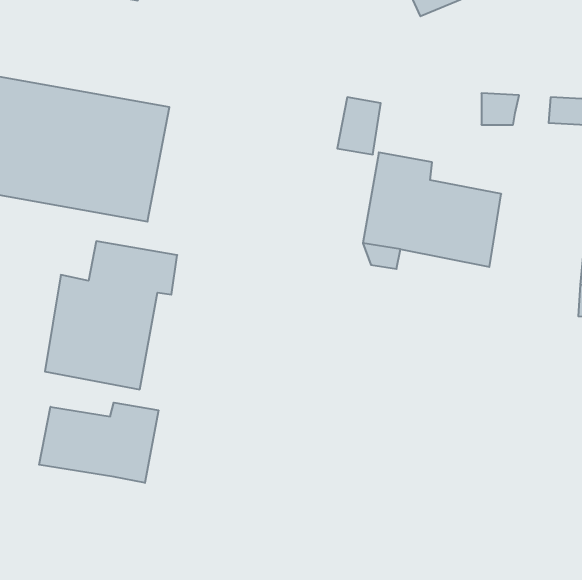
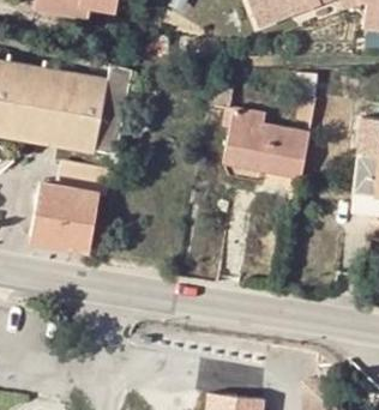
building: [39,403,158,483] -> none

